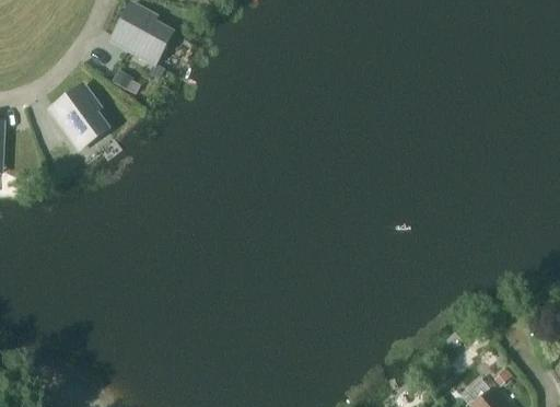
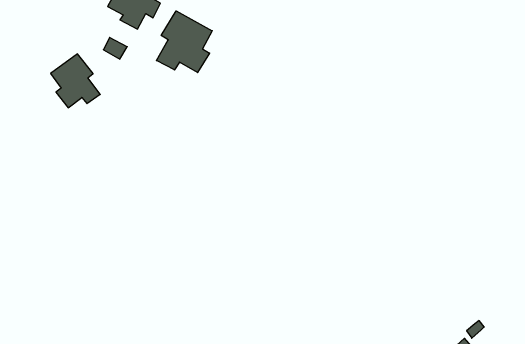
building: none -> [156,11,212,73]

